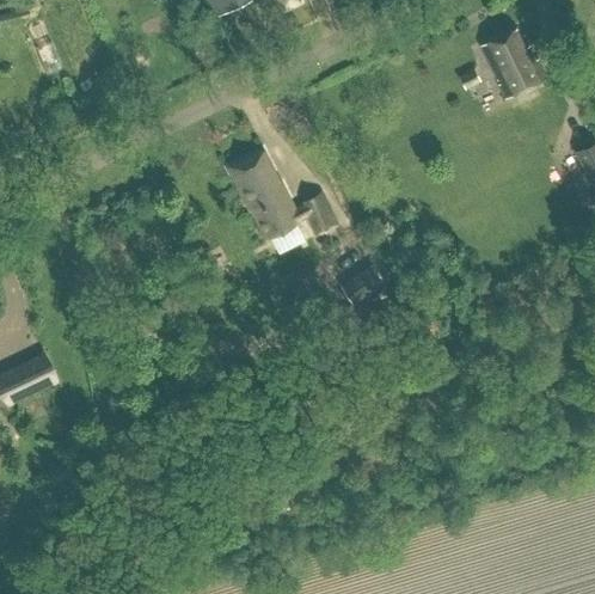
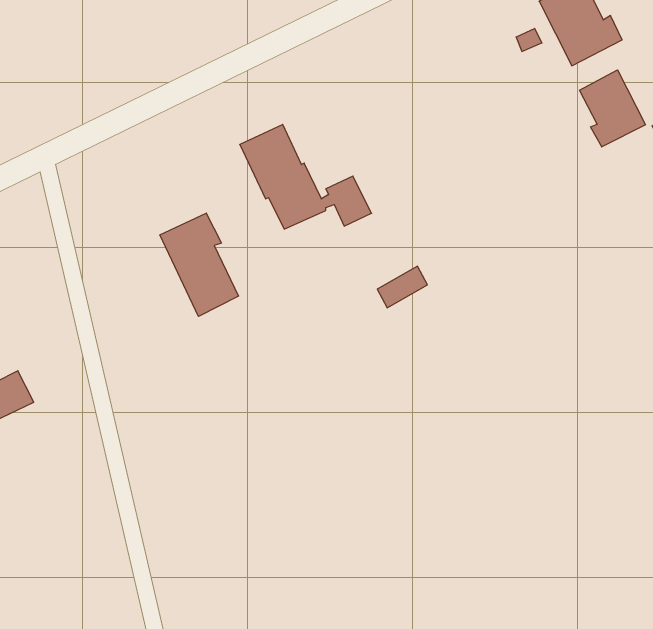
building: none -> [580,70,645,147]
building: none -> [160,213,238,316]

